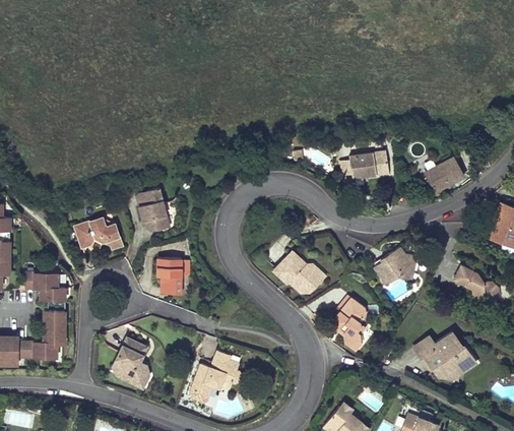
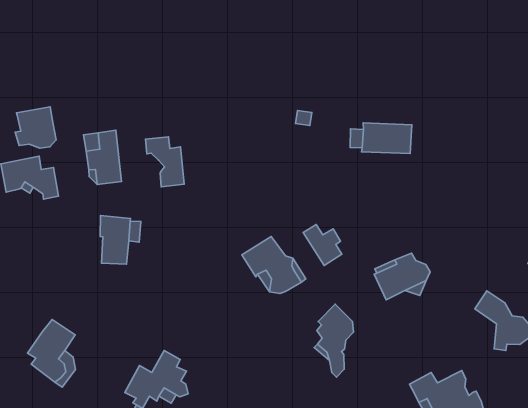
building: [416,165,456,196] -> none
building: none -> [15,107,56,148]
building: none -> [146,137,184,187]
building: none -> [303,225,342,265]

